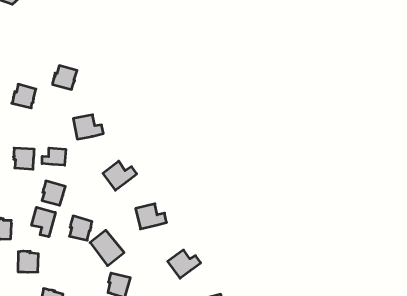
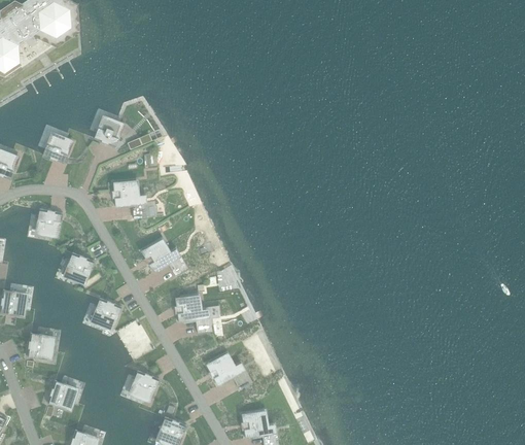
building: [42,148,66,165] -> none
building: [32,207,55,237] -> none

